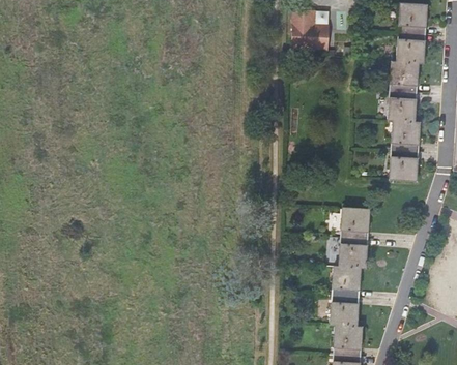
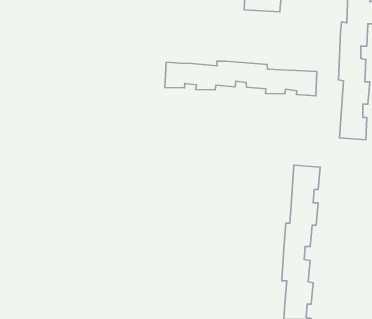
building: none -> [165,61,317,96]

